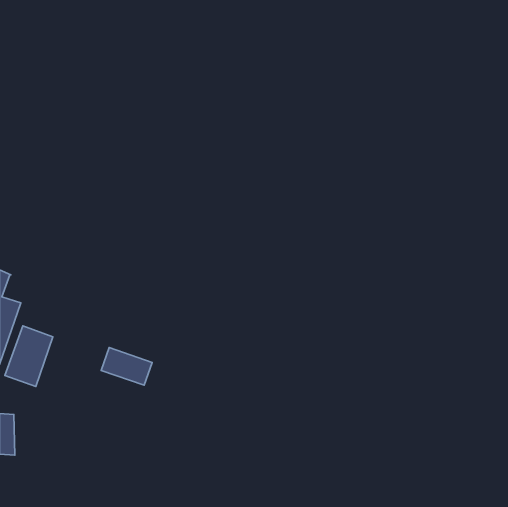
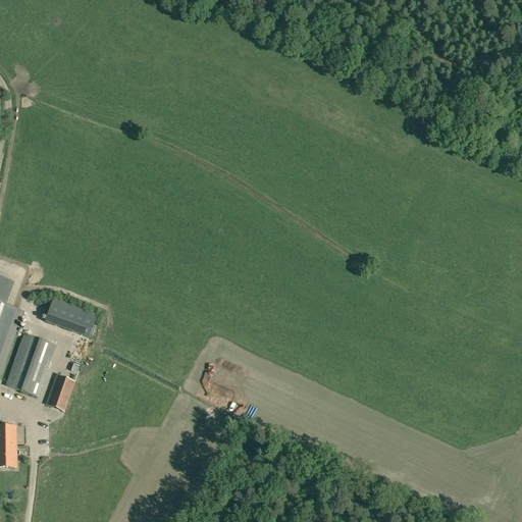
building: [101,347,152,385] -> [44,297,96,335]
building: none -> [46,374,73,410]

